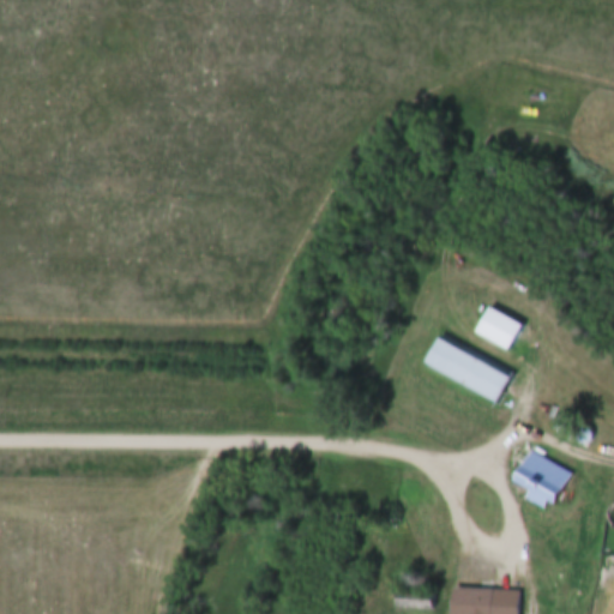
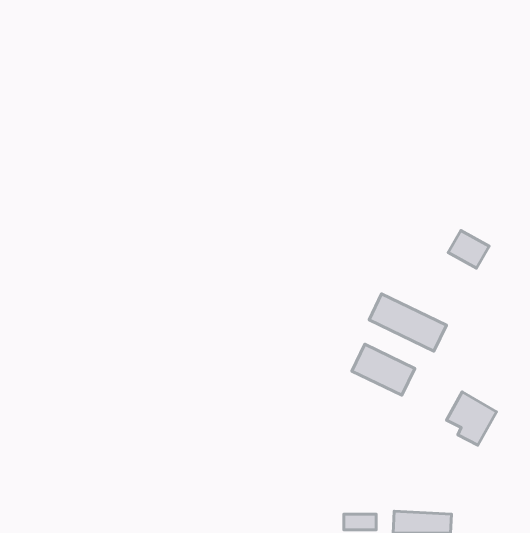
building: [475,307,522,350] -> [448,230,489,268]
building: none -> [352,344,415,395]

